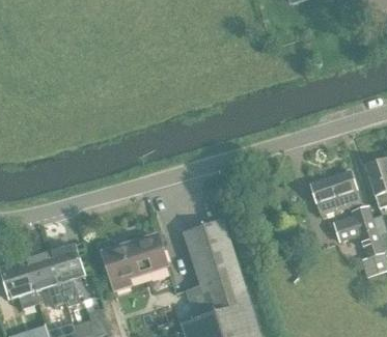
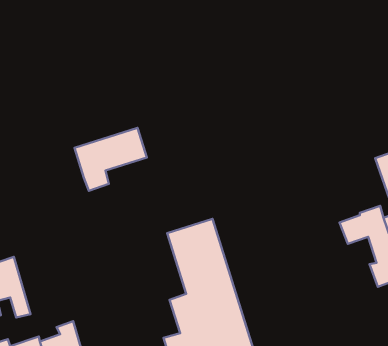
building: [310,170,360,215] -> none
building: [103,236,166,291] -> [74,128,147,191]
building: [50,245,84,305] -> none

